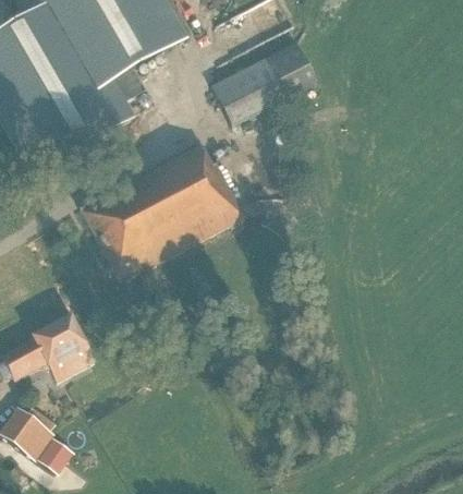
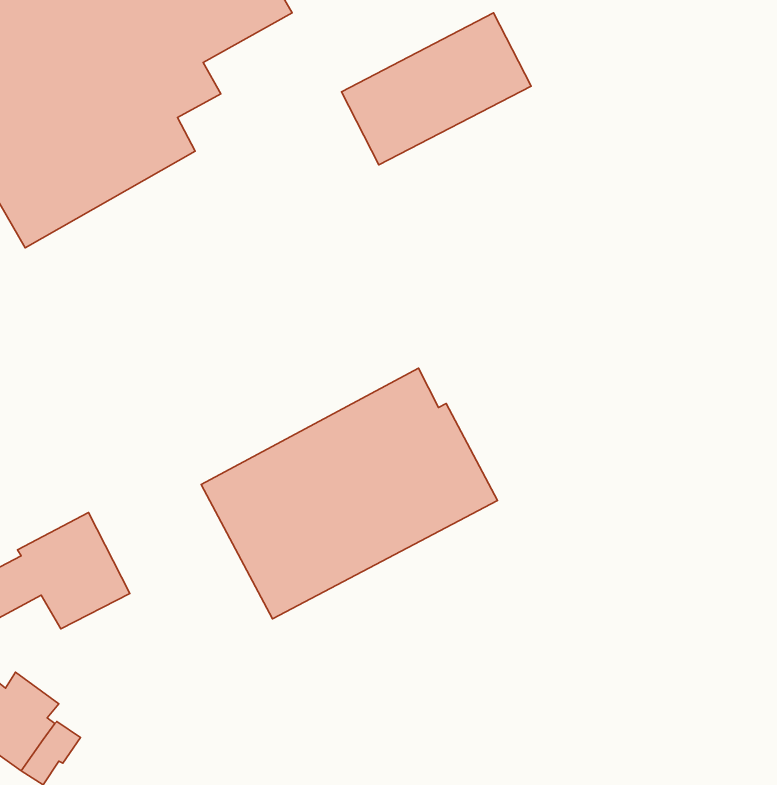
building: [80,141,243,279] -> [201,368,498,619]

